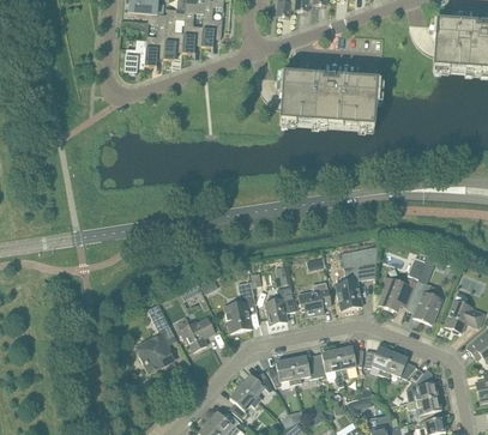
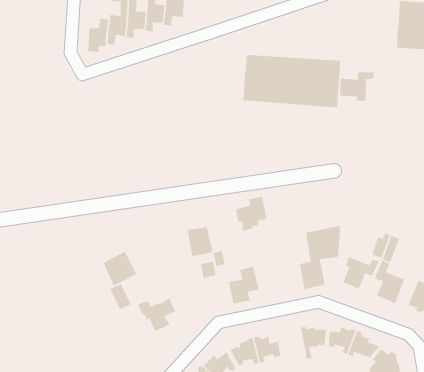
building: none -> [339,72,375,102]
building: [299,280,331,316] -> [235,195,268,232]
building: [225,301,252,332] -> [187,226,213,257]
building: [138,334,173,370] -> [102,251,137,287]
building: [315,346,343,386] -> none

